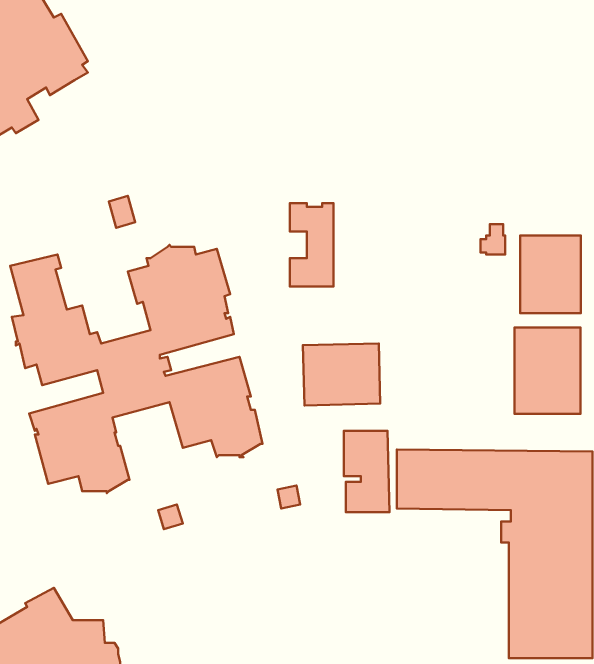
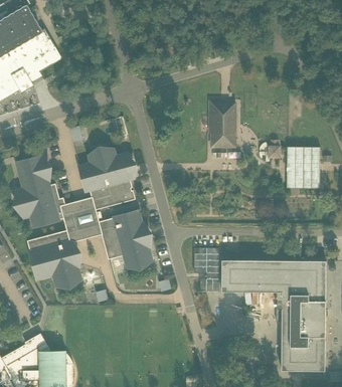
building: [290,203,333,287] -> [211,102,234,146]
building: [514,328,580,414] -> none
building: [303,343,380,405] -> none

